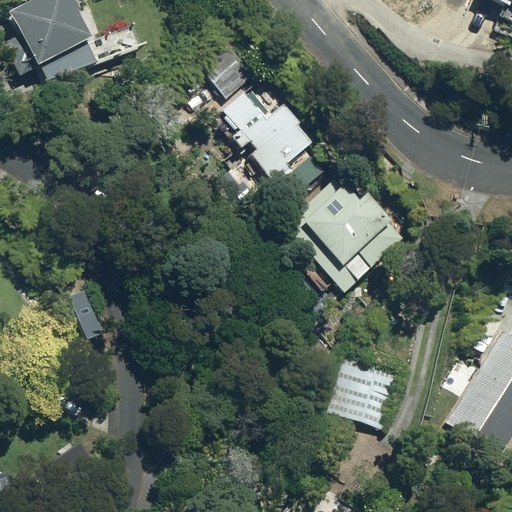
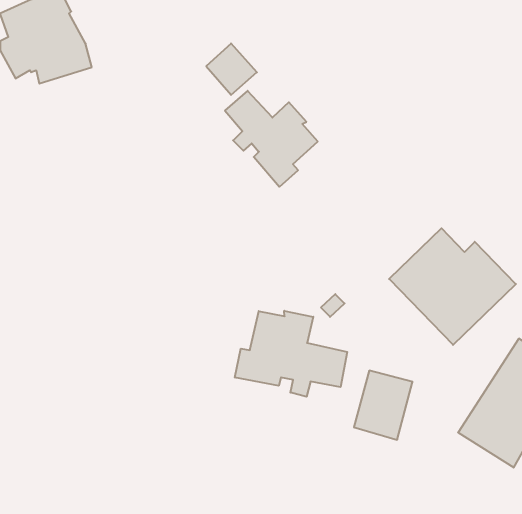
building: [282,179,405,292] -> [389,228,516,345]
building: none -> [235,311,347,397]

